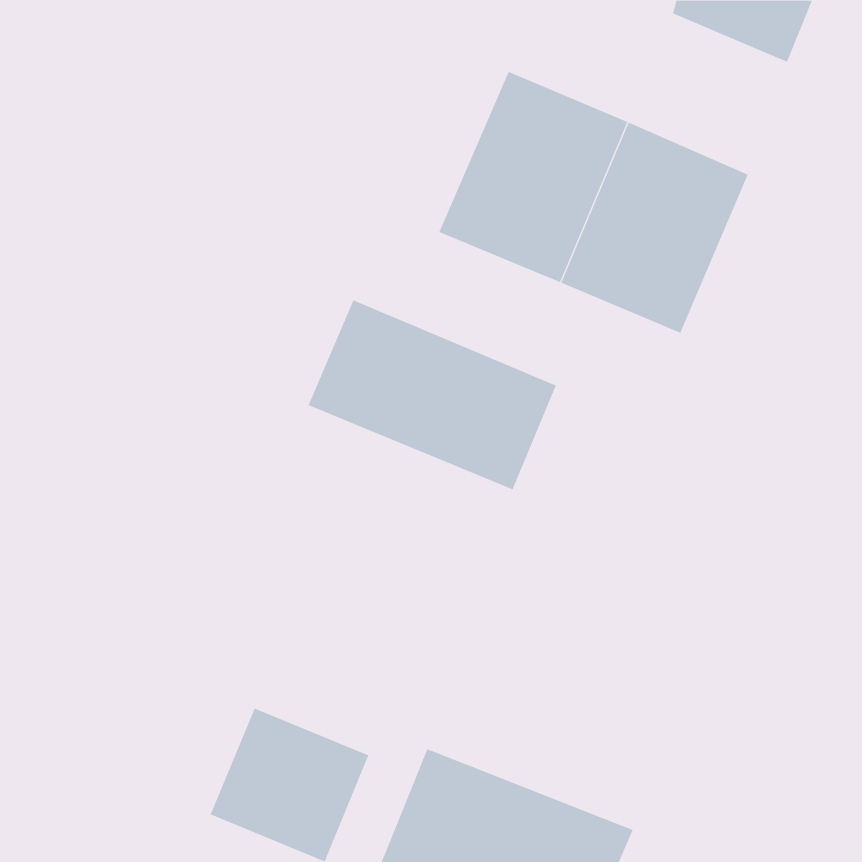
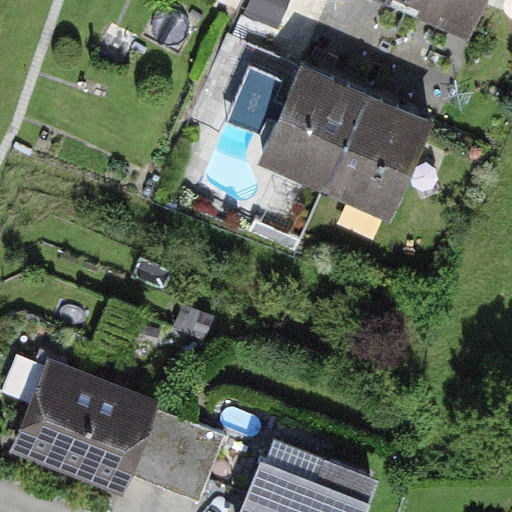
building: [308,300,557,490] -> none
building: none -> [8,357,156,497]

